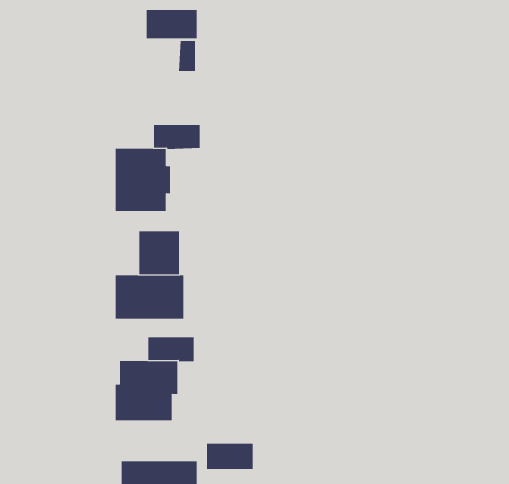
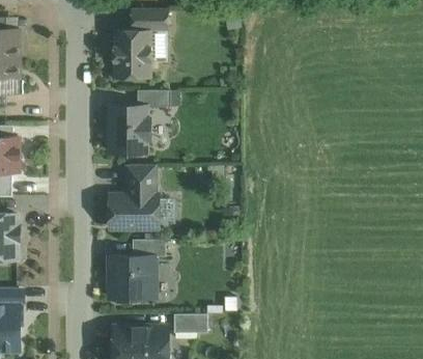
building: none -> [113,30,150,78]

